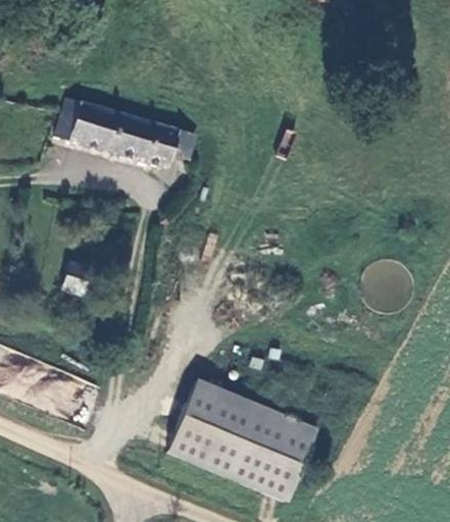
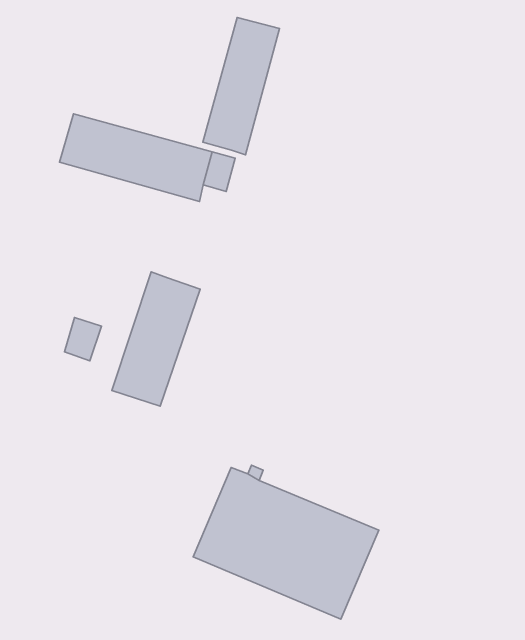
building: none -> [203,17,279,155]
building: none -> [112,272,200,406]

